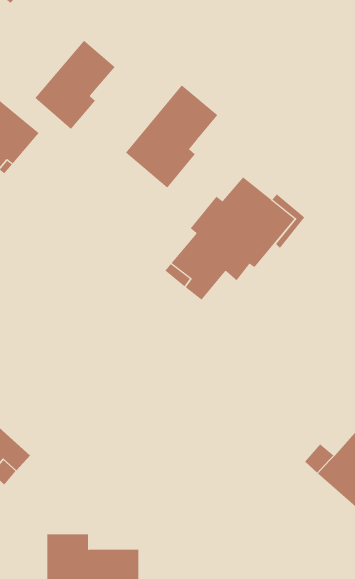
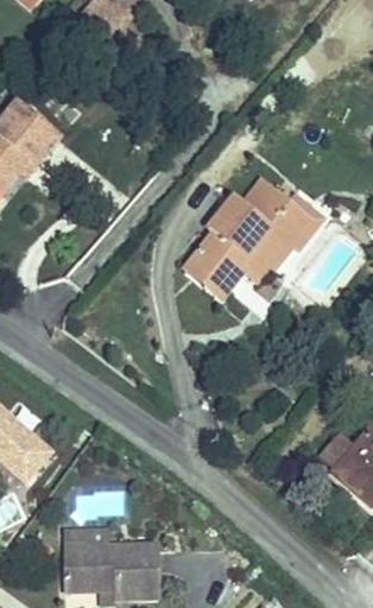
building: [35,40,115,130] -> none
building: [125,84,218,188] -> none

